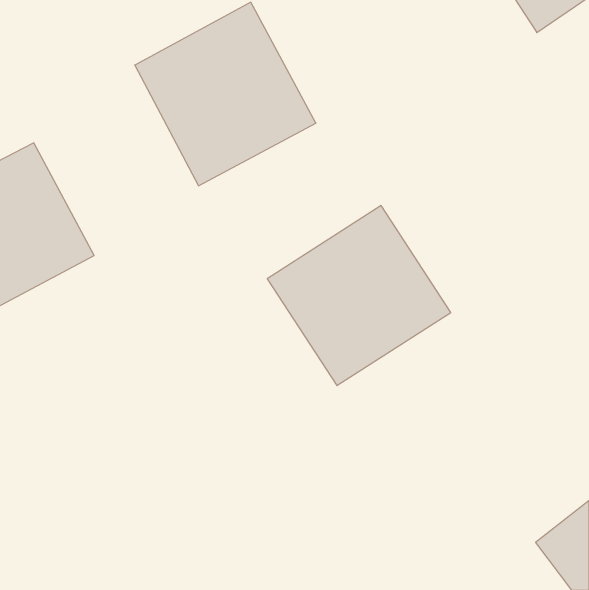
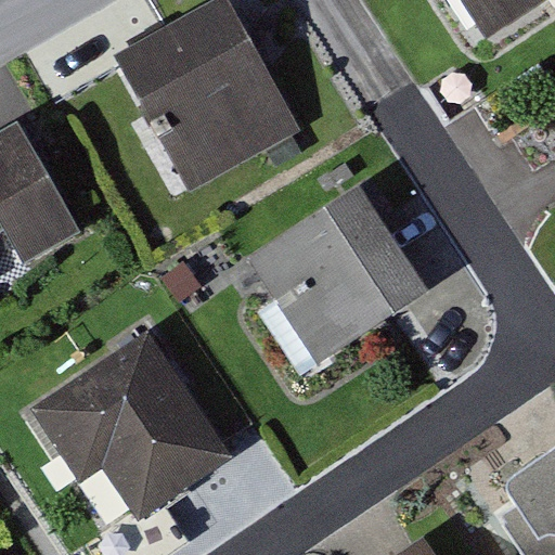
building: none -> [26,334,227,521]

